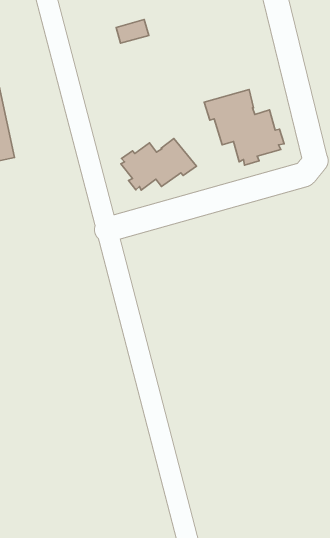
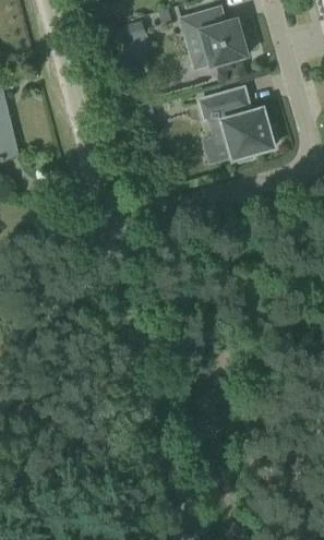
building: none -> [180,9,247,67]
building: [121,138,196,190] -> none

